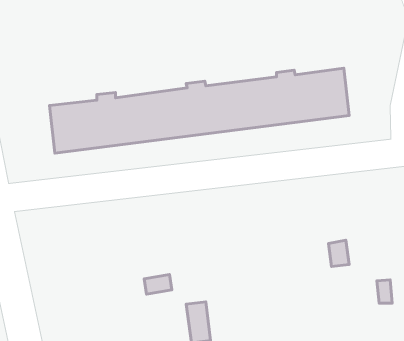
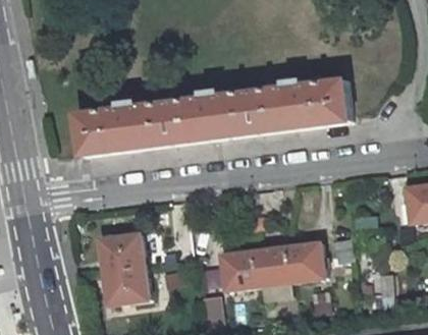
building: none -> [99,232,145,304]
building: none -> [222,241,326,290]

